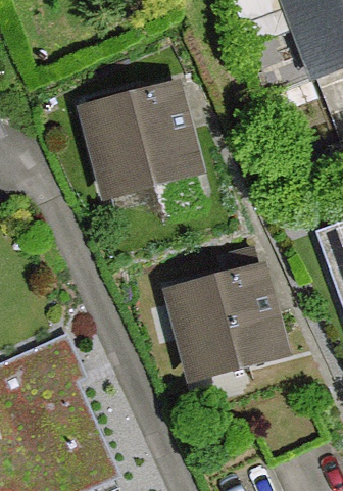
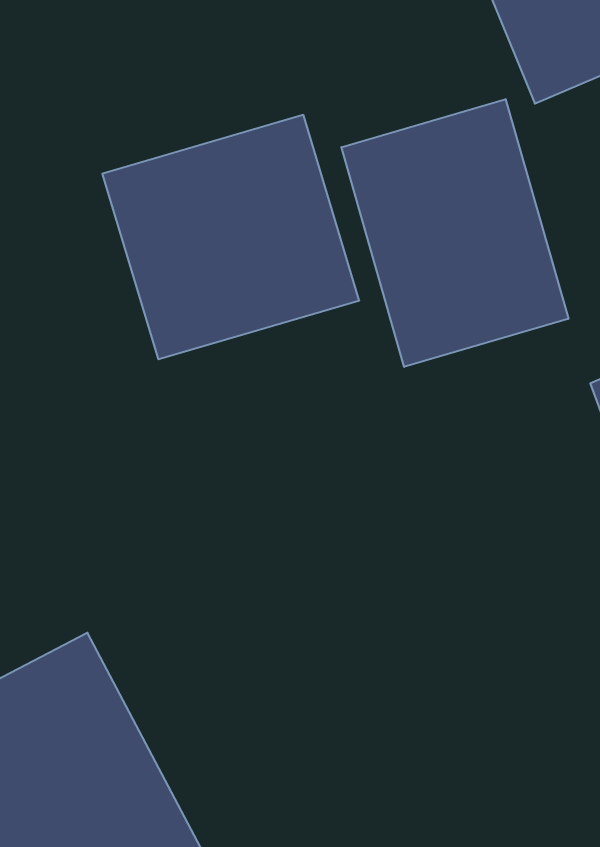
building: none -> [341,99,568,367]
building: [166,263,288,381] -> none

